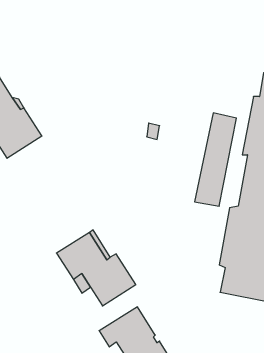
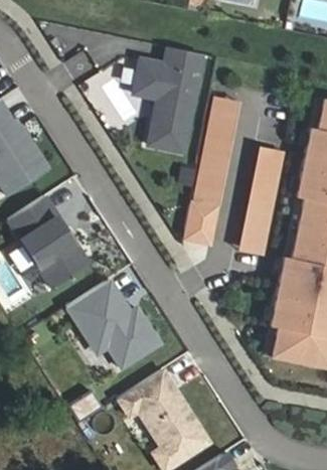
building: none -> [139,51,207,155]
building: none -> [180,93,237,244]
building: none -> [12,198,94,291]

